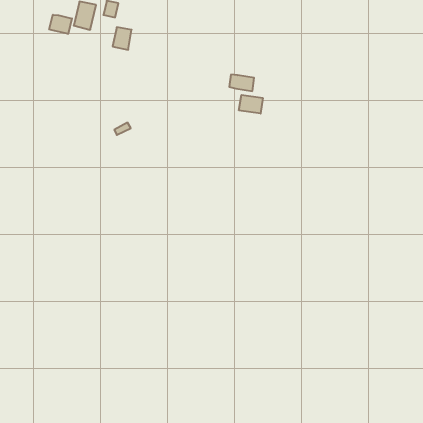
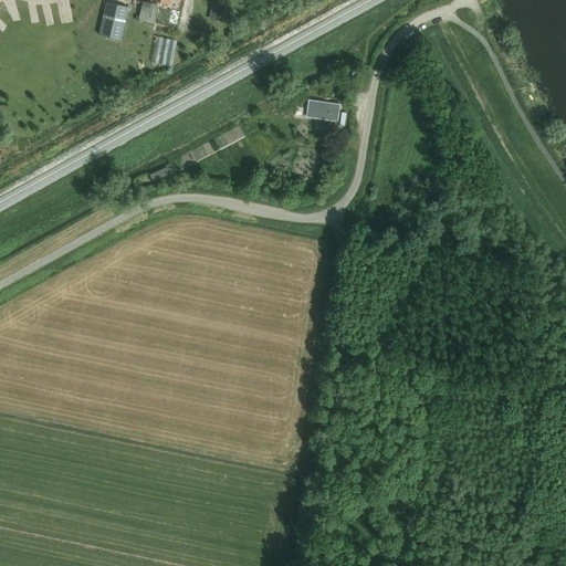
building: [49,15,72,34] -> none
building: [239,95,263,114] -> none

